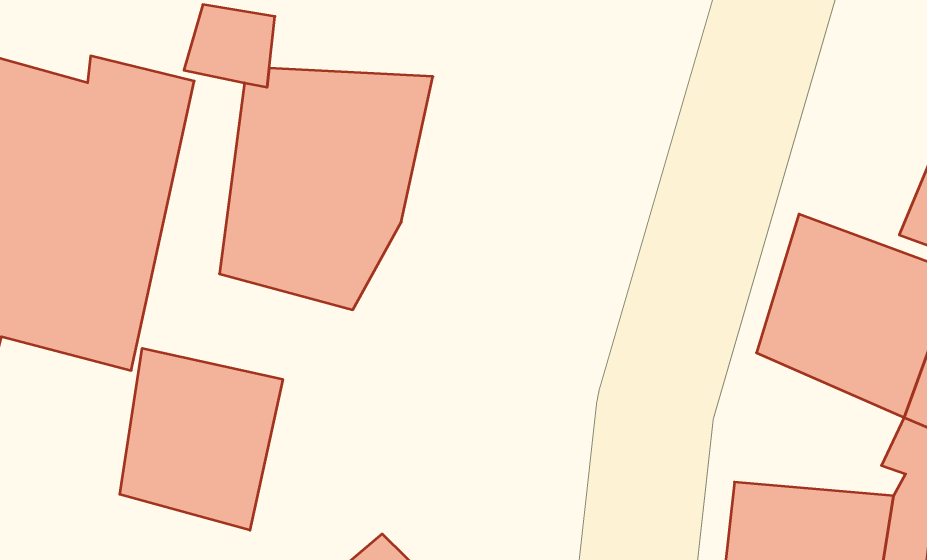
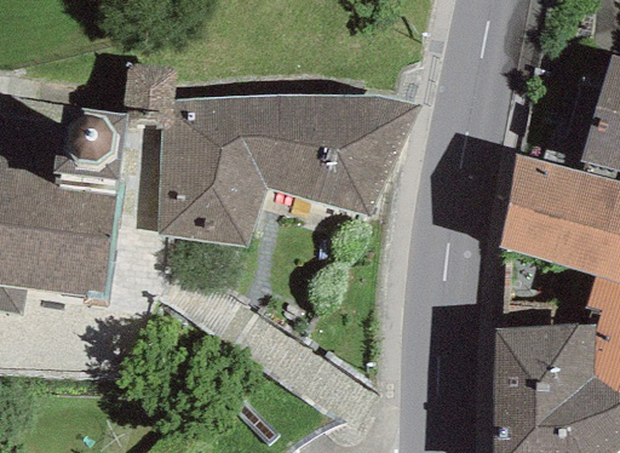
building: none -> [266,93,414,218]
building: [120,348,283,530] -> none

